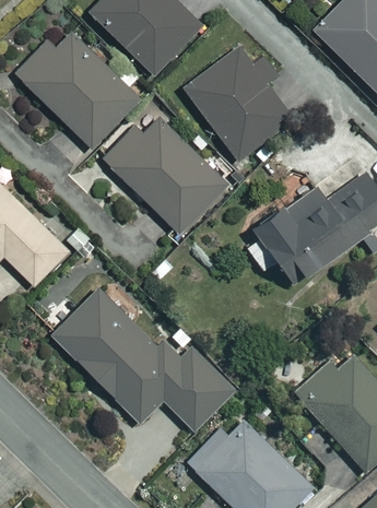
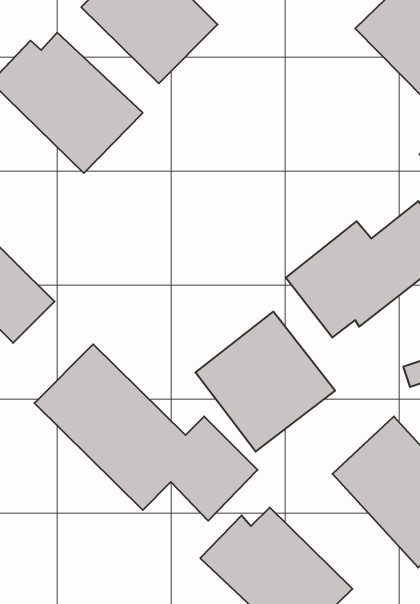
building: [184,47,309,158] -> none
building: [103,109,226,233] -> none
building: none -> [195,312,335,452]

